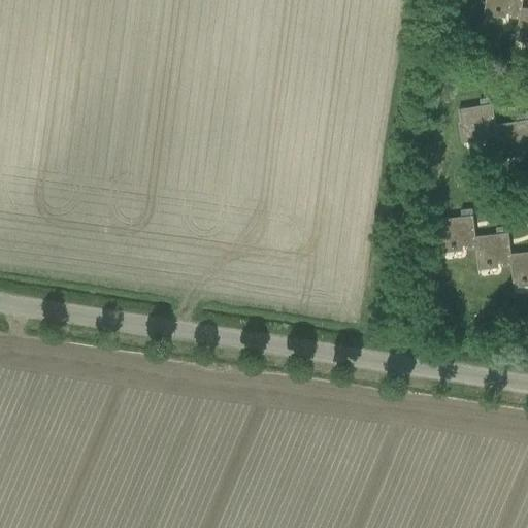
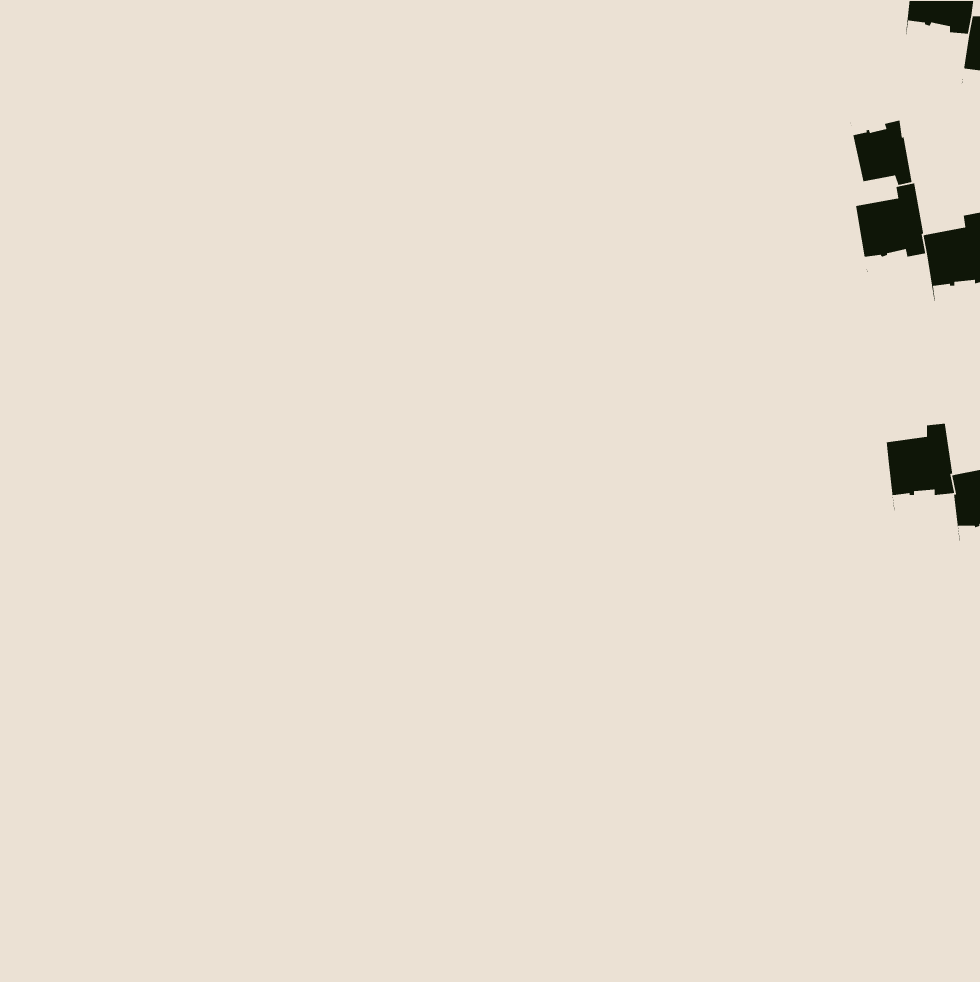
building: none -> [850,119,913,186]
building: [440,209,477,257] -> none

